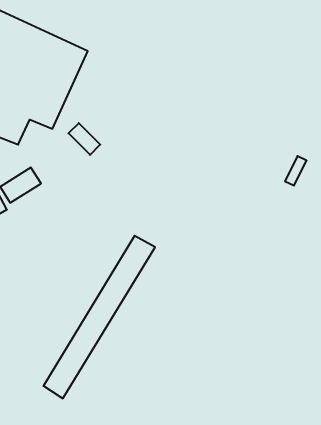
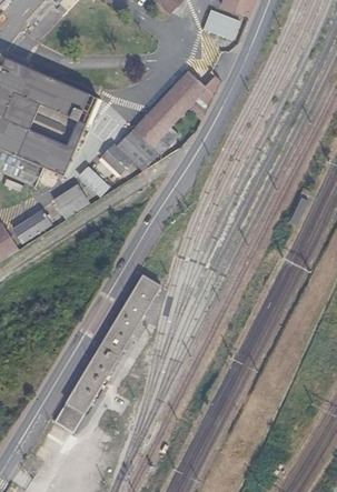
building: none -> [101,69,217,174]
building: none -> [51,184,88,220]

